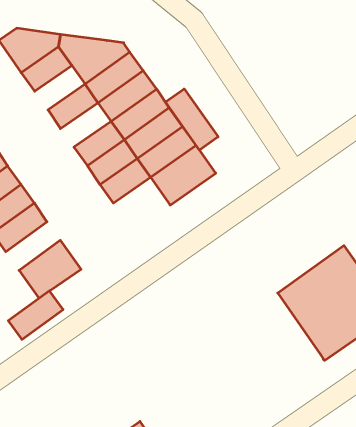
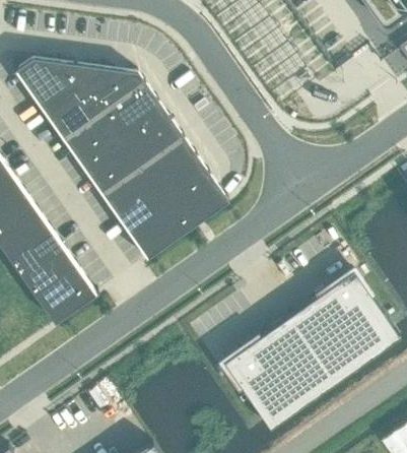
building: none -> [50,94,99,138]
building: [166,89,218,150] -> none
building: none -> [75,131,125,175]
building: none -> [127,204,183,257]
building: [8,291,63,339] -> [21,248,75,296]
building: none -> [223,318,334,430]

